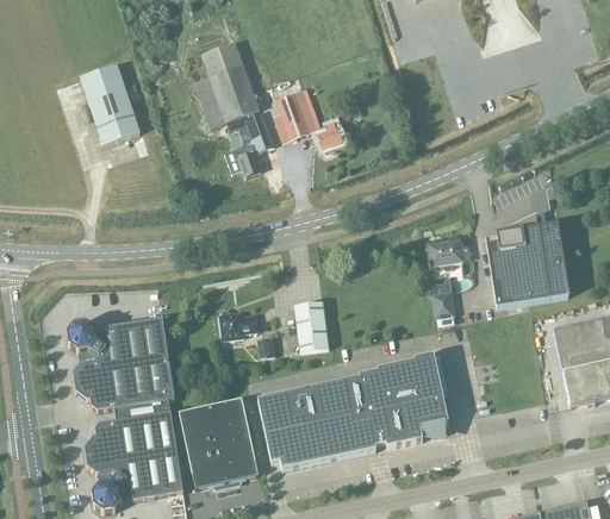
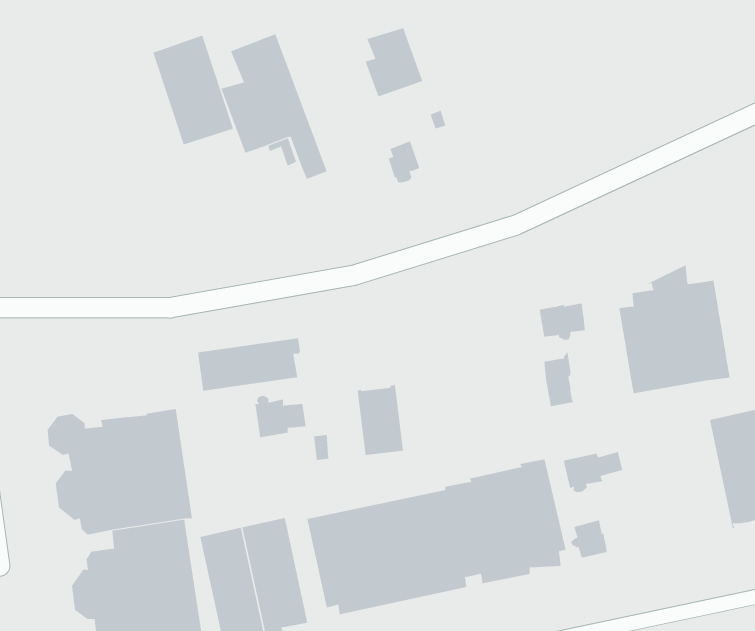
building: [80,63,139,144] -> [152,35,234,145]
building: [273,89,316,140] -> [365,27,423,97]
building: [235,142,263,175] -> none
building: none -> [198,338,301,392]
building: none -> [563,451,623,493]
building: none -> [570,519,608,558]

